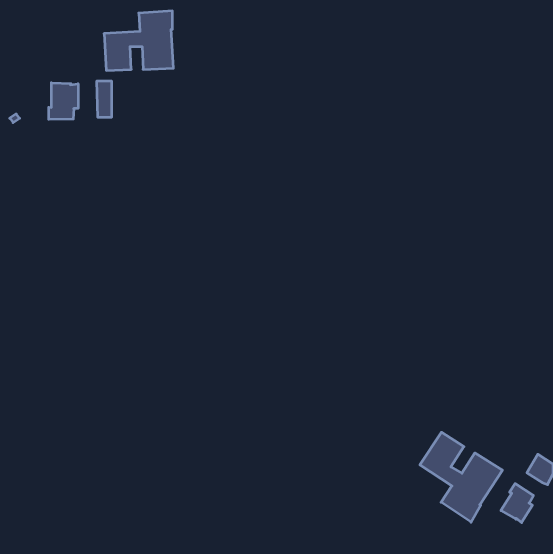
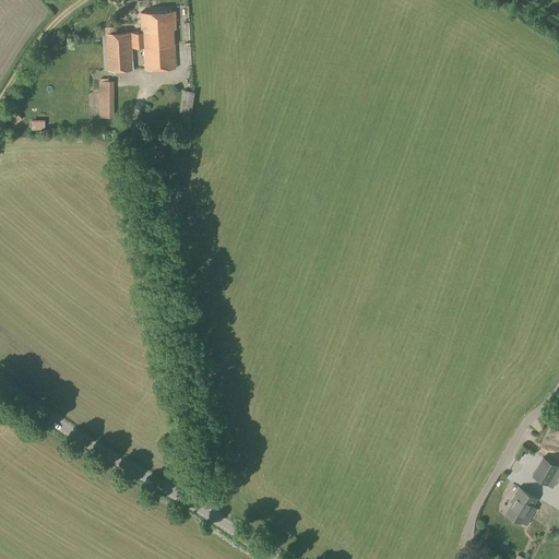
building: [49,83,78,119] -> none
building: [420,432,502,522] -> none

